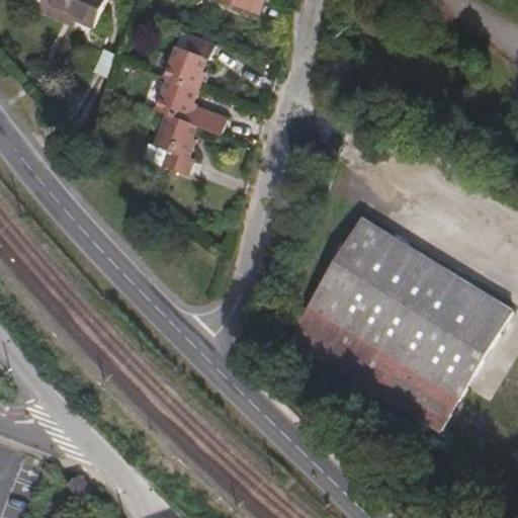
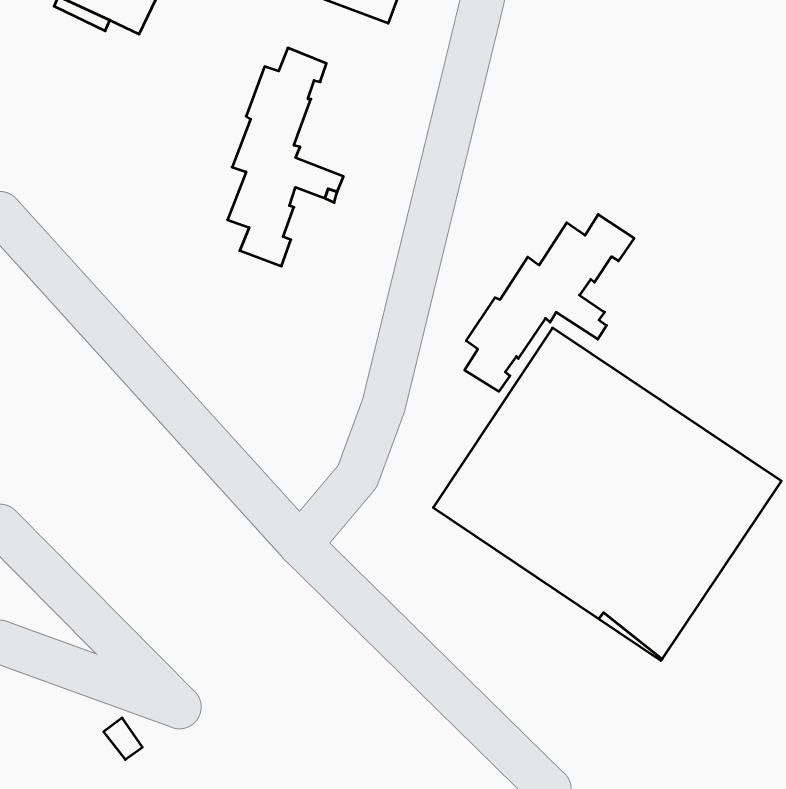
building: none -> [465,214,634,391]

